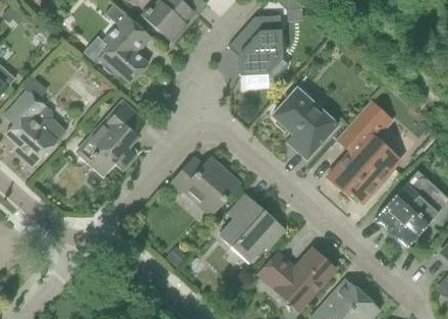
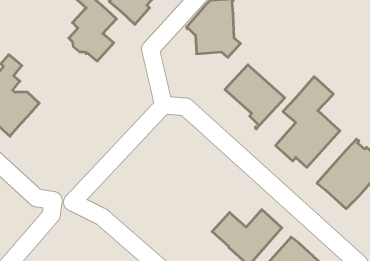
building: [77,100,146,175] -> none
building: [170,157,239,214] -> none
building: [219,194,285,262] -> none

